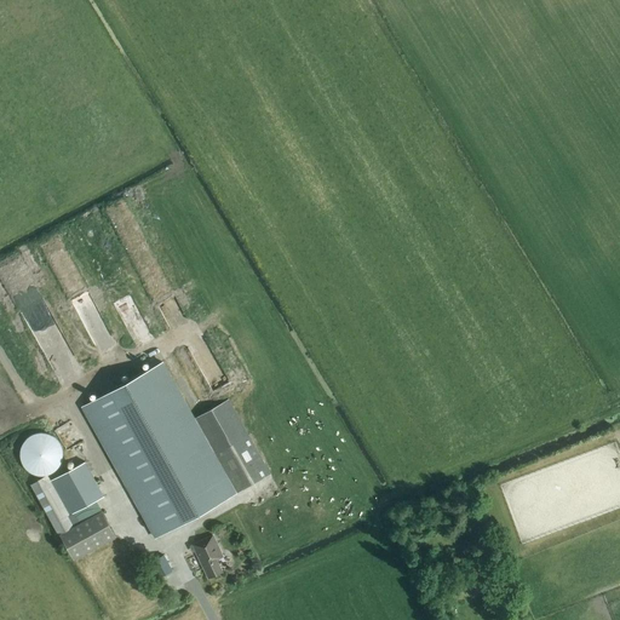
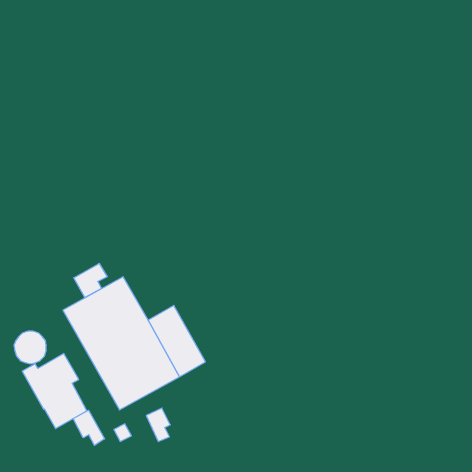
building: none -> [74,263,107,297]
building: none -> [73,410,105,445]

